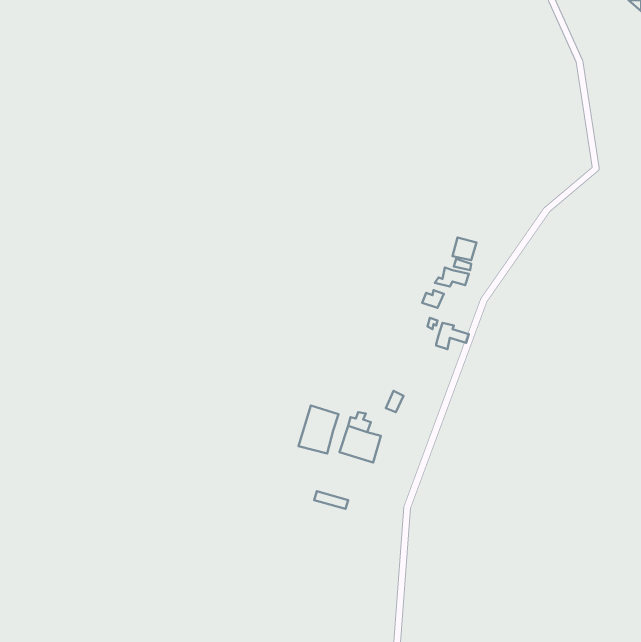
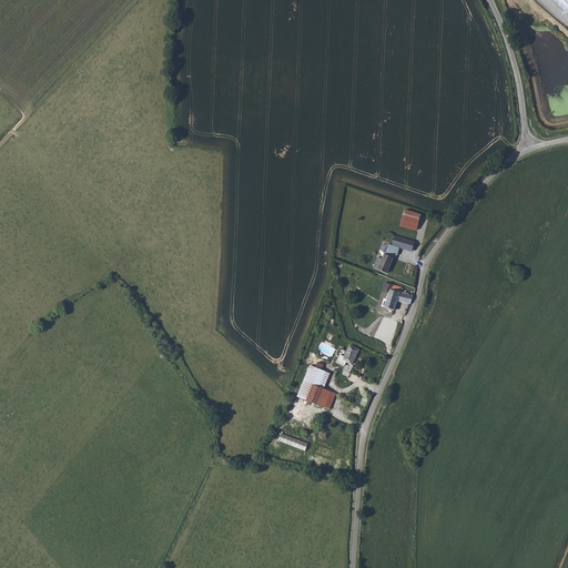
building: [299,405,338,454] -> none

